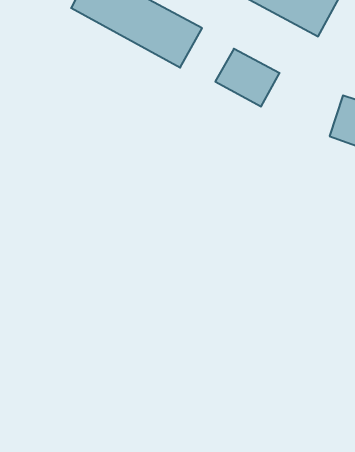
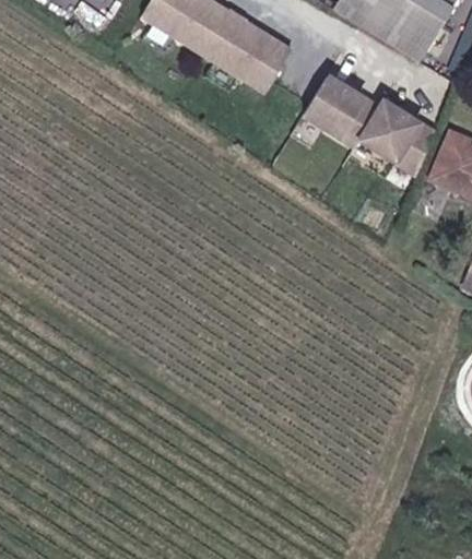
building: none -> [358,98,433,170]

